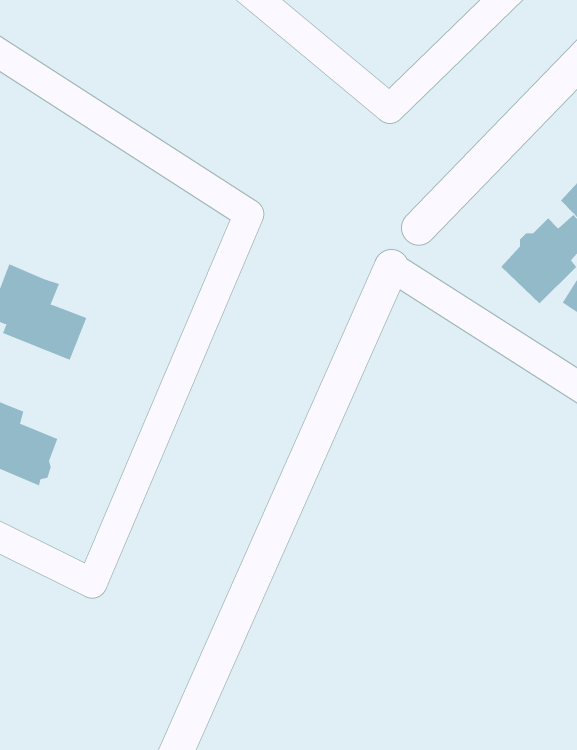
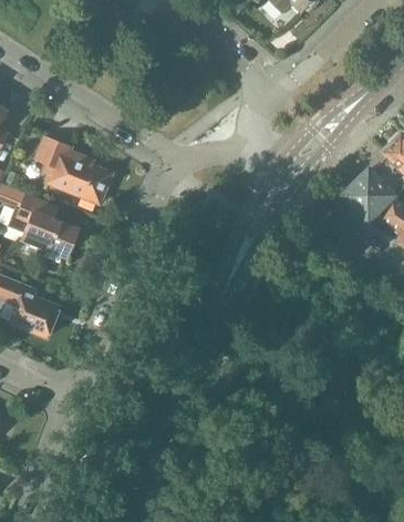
building: none -> [35,136,112,204]

